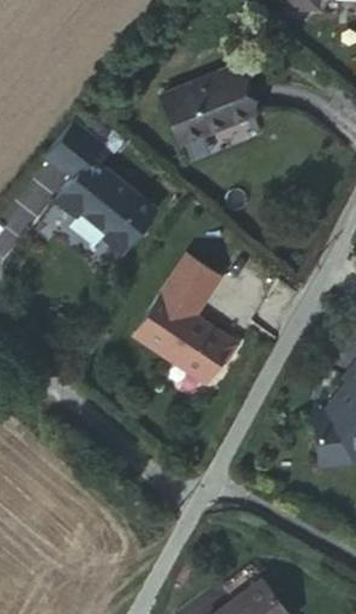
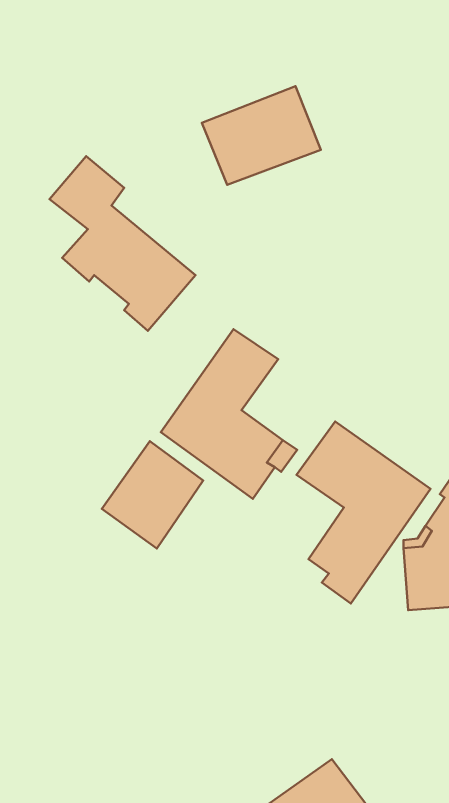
building: none -> [297,422,430,603]
building: none -> [102,441,203,548]

